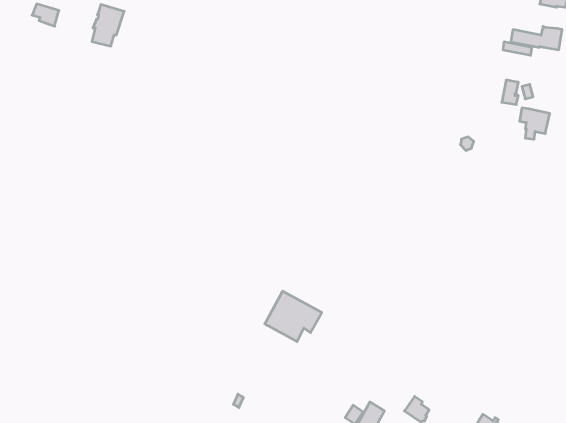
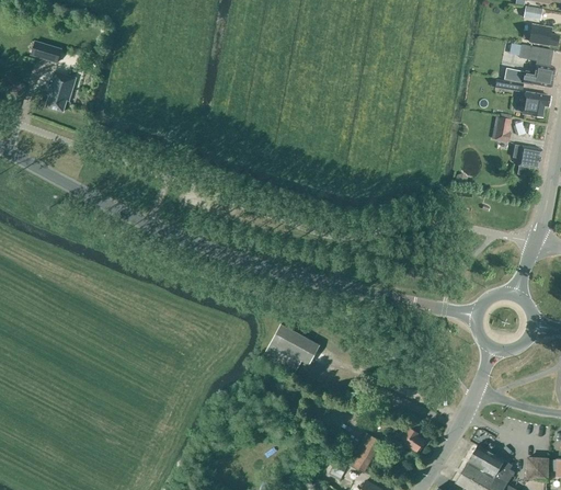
building: [92,5,124,46] -> [45,71,77,112]
building: none -> [519,44,552,66]
building: none -> [524,91,550,116]

